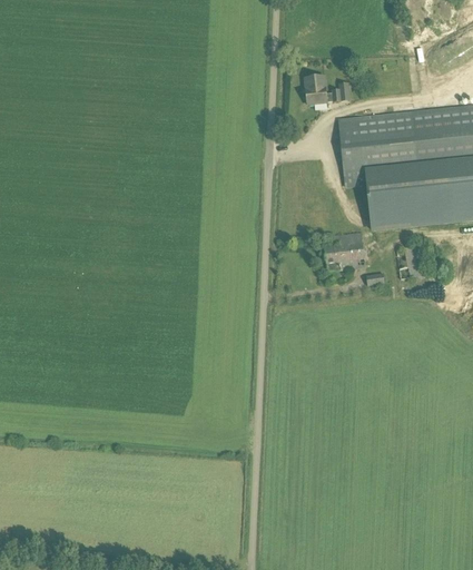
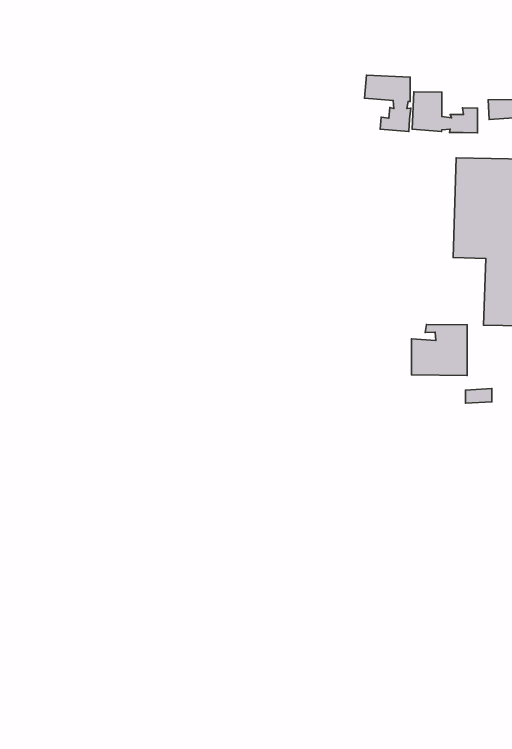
building: none -> [365,75,411,131]

